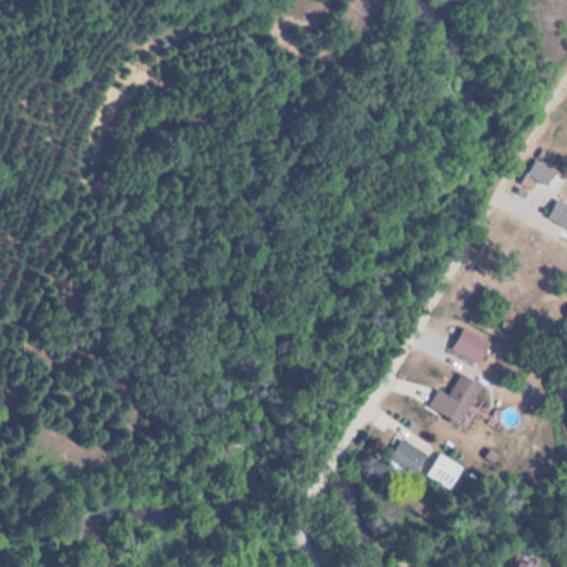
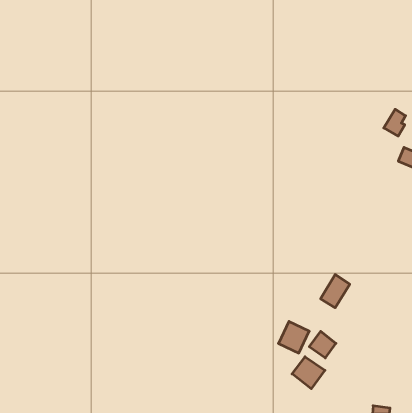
building: [458,329,493,359] -> none
building: none -> [292,357,325,389]

